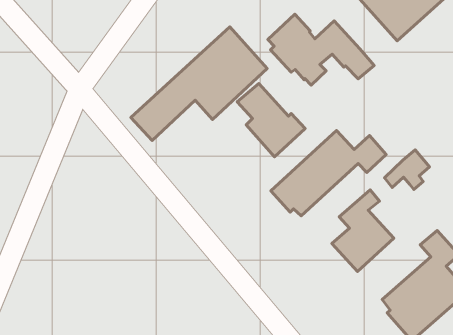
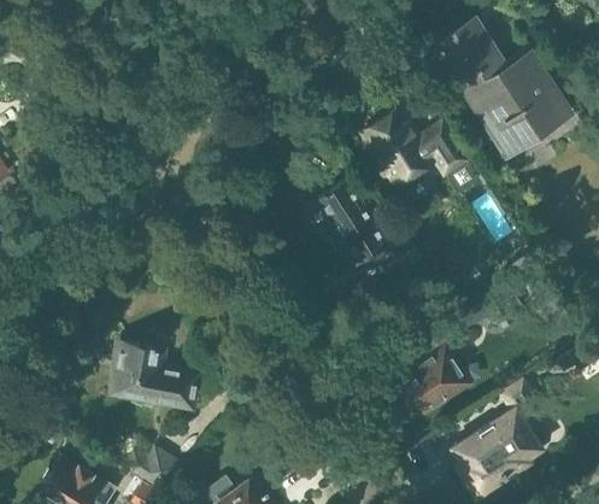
building: [131,27,267,140] -> none
building: [271,130,386,216] -> none
building: none -> [113,340,199,406]

